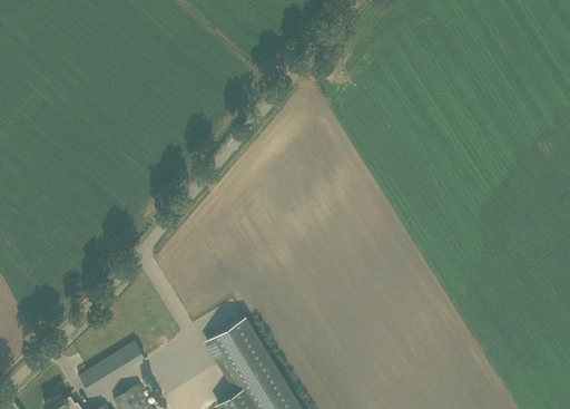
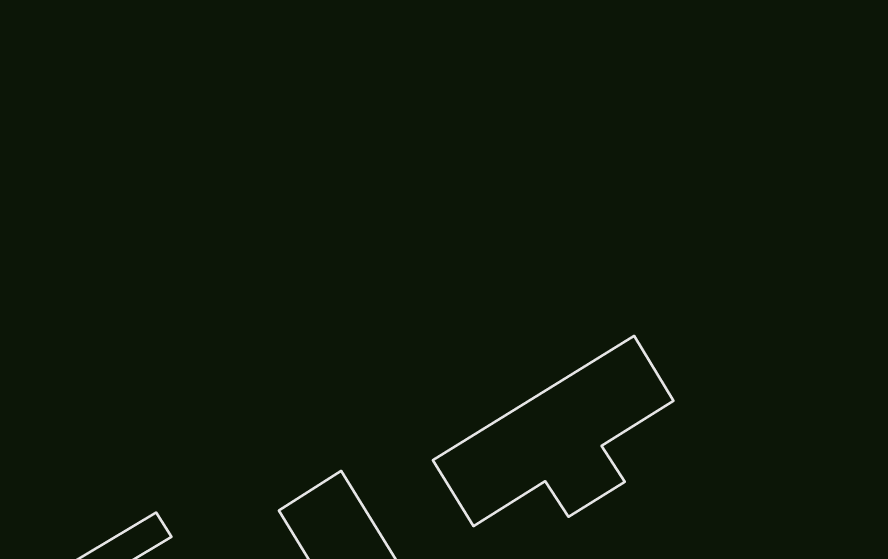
building: none -> [433,336,673,526]

